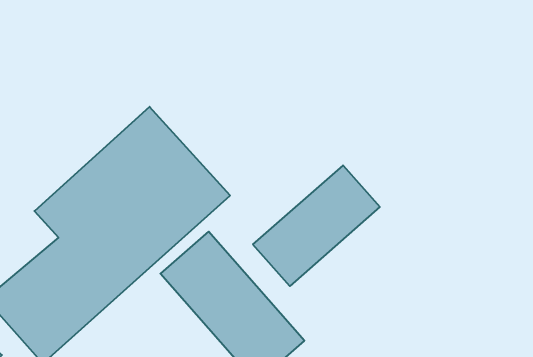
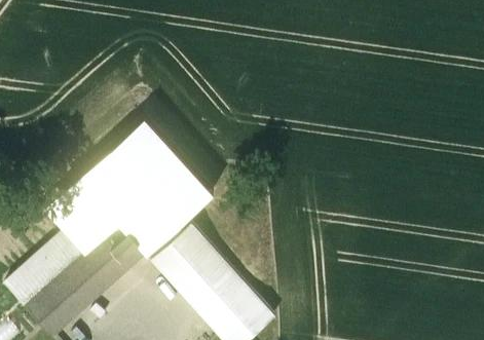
building: [253,165,380,286] -> none

